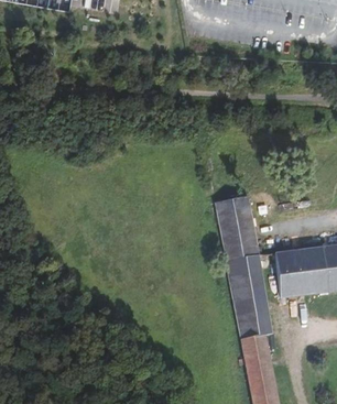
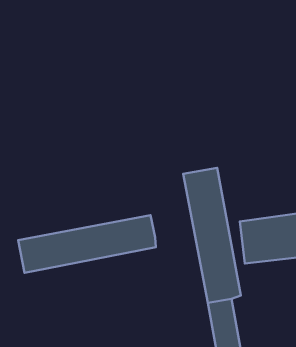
building: none -> [18,215,156,273]

